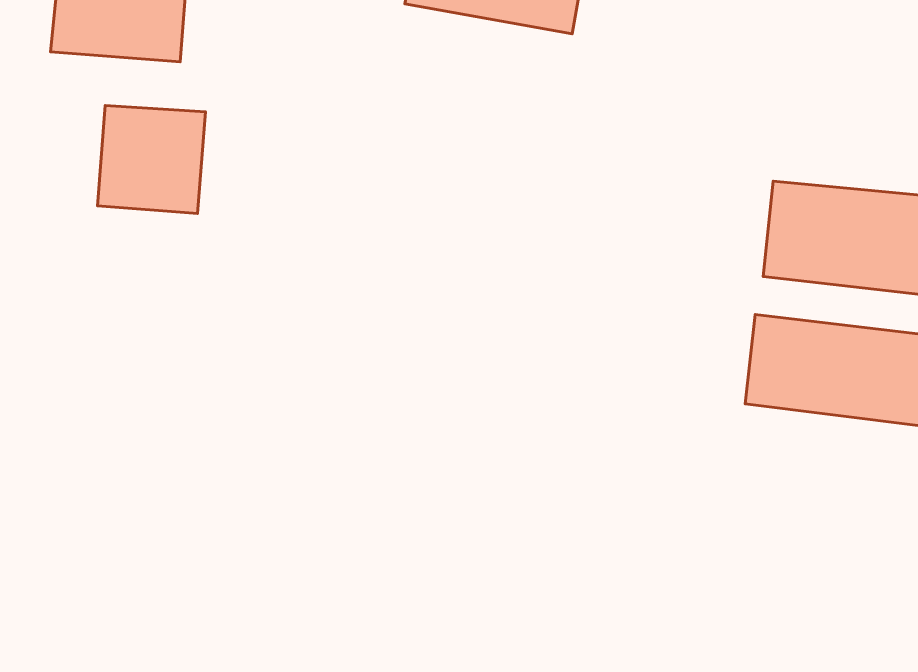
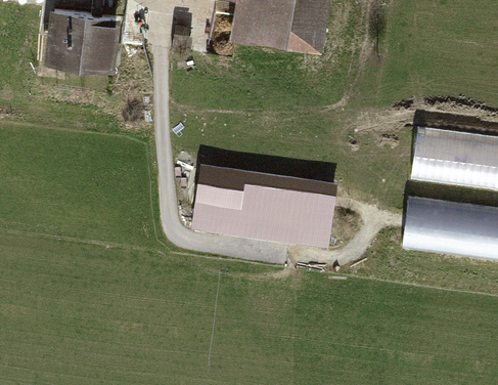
building: [97,106,205,213] -> none
building: none -> [207,172,327,240]

